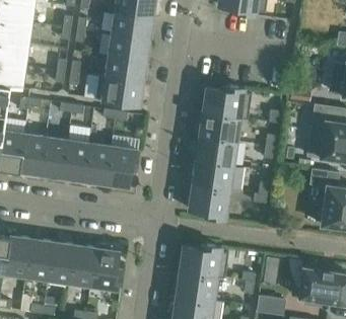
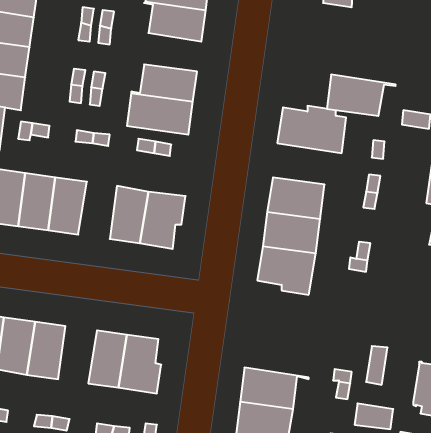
building: [109,34,149,62] -> none
building: [200,112,249,142] -> [327,75,396,116]
building: [62,140,89,180] -> none
building: [48,242,75,283] -> none
building: [180,245,229,278] -> none

